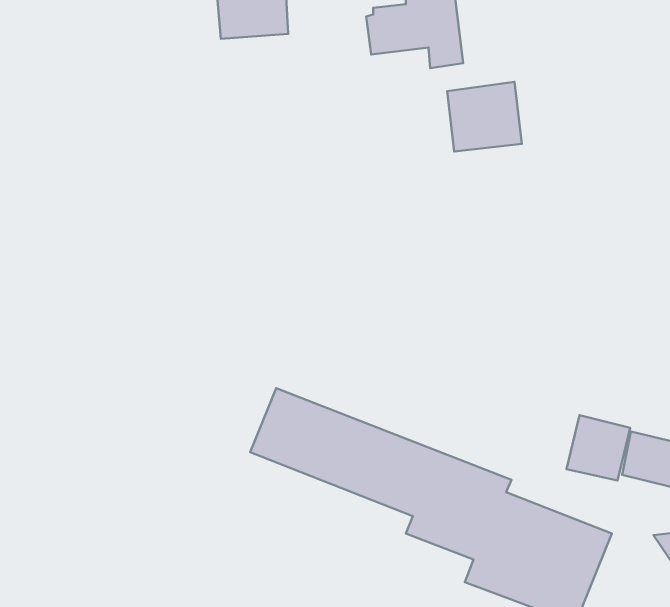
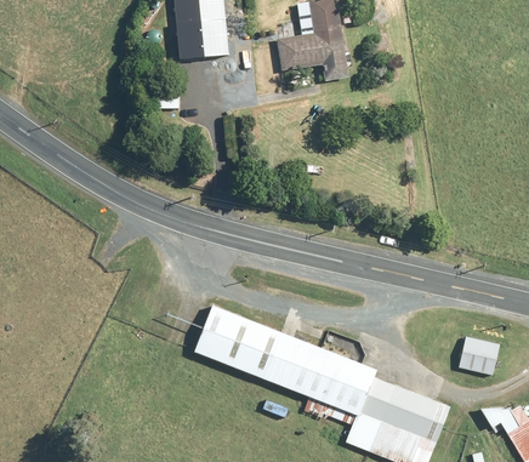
building: [447,82,522,152] -> none
building: [566,415,630,481] -> none

